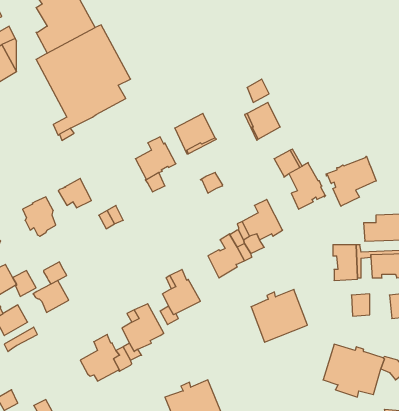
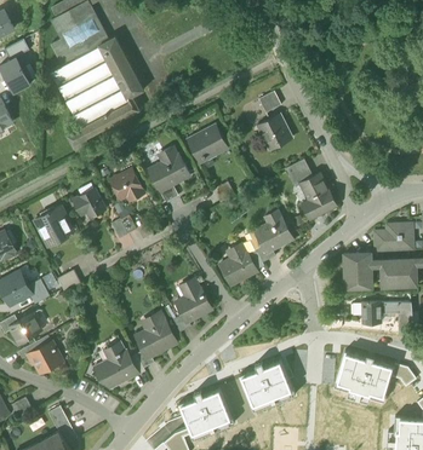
building: [326,156,376,206] -> none
building: none -> [109,168,144,198]
building: [33,280,69,312] -> [27,341,62,373]
building: [251,289,307,342] -> [239,358,295,410]

